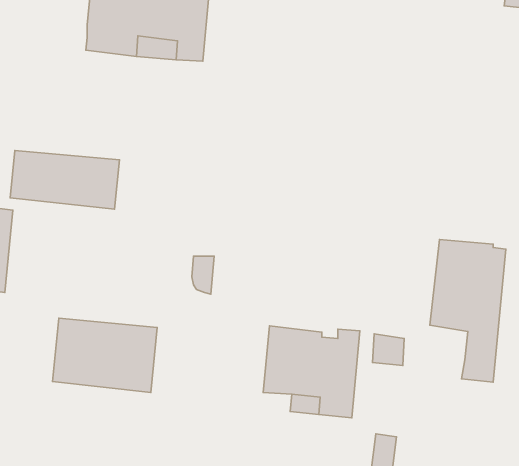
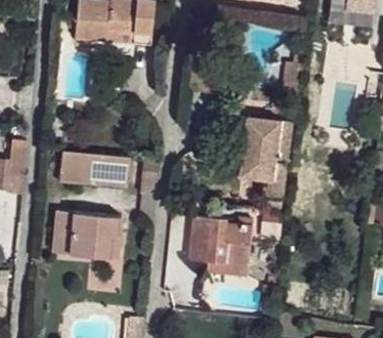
building: [10,150,119,209] -> [59,151,130,188]
building: [430,240,506,382] -> [241,119,290,211]

